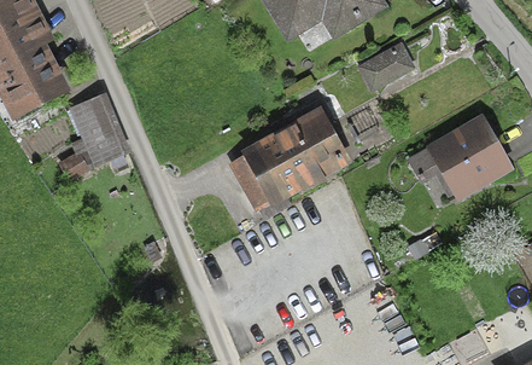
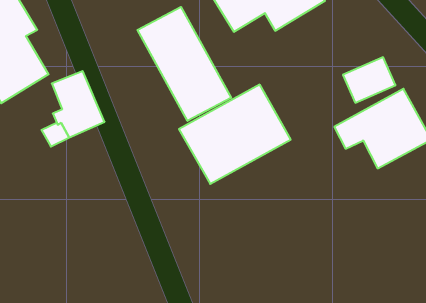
building: none -> [137,7,231,121]
building: [355,42,416,95] -> [343,57,396,103]

